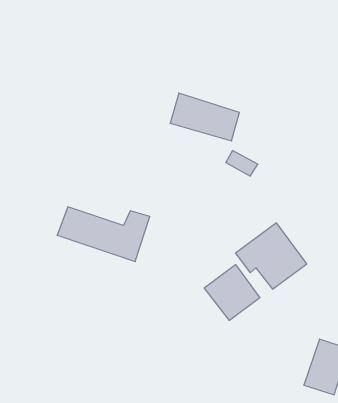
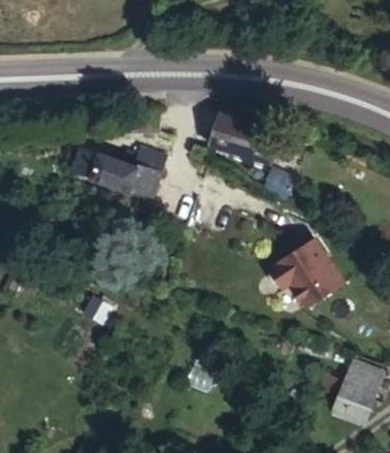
building: [57,207,150,262] -> [56,141,154,199]
building: [204,265,260,320] -> none

